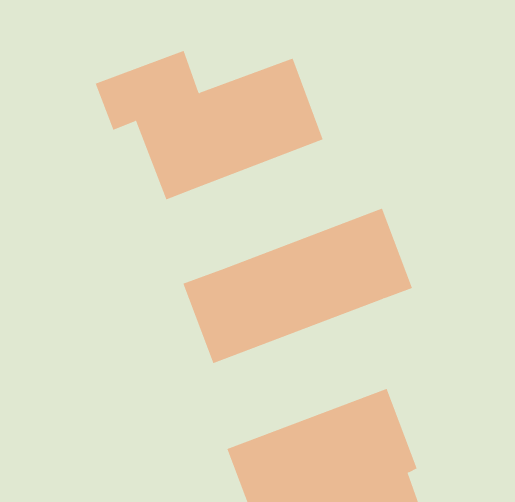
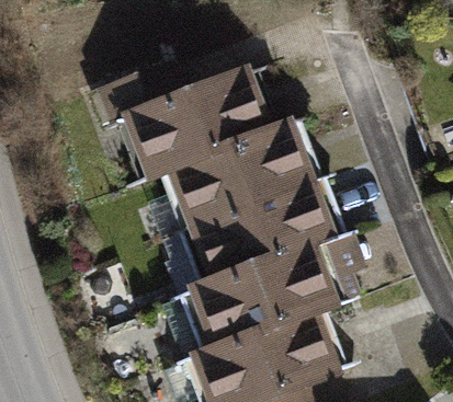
building: none -> [179,126,316,227]
building: none -> [166,249,339,364]

